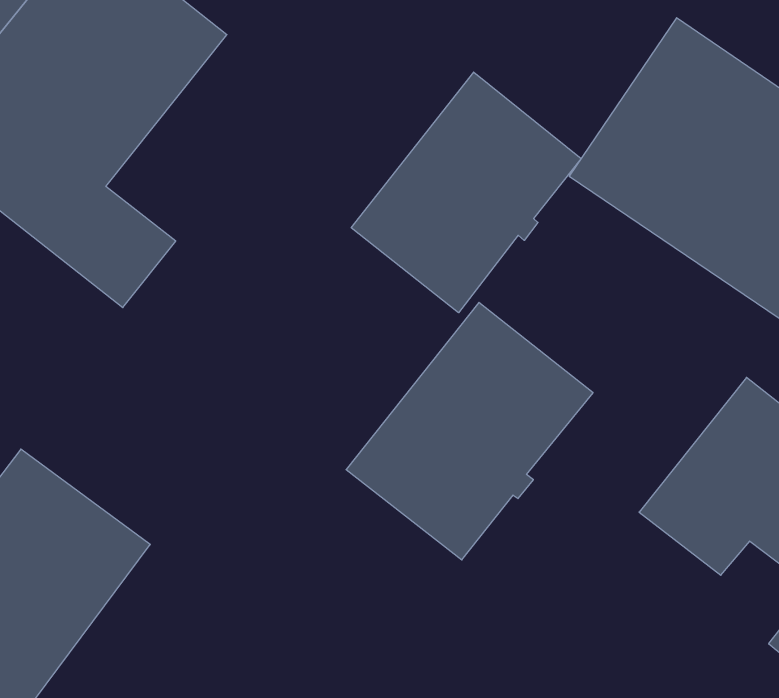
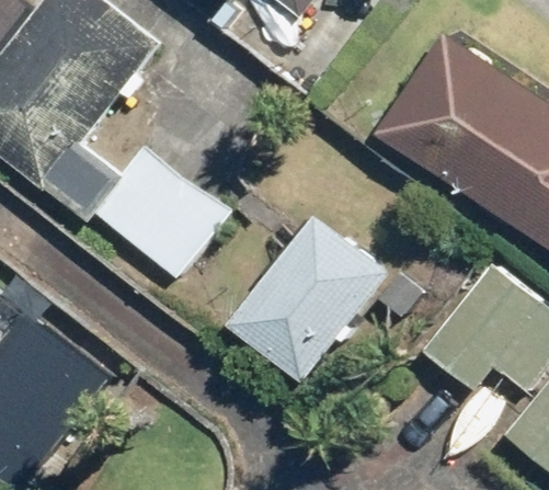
building: [351,72,581,313] -> none
building: none -> [90,148,232,286]

